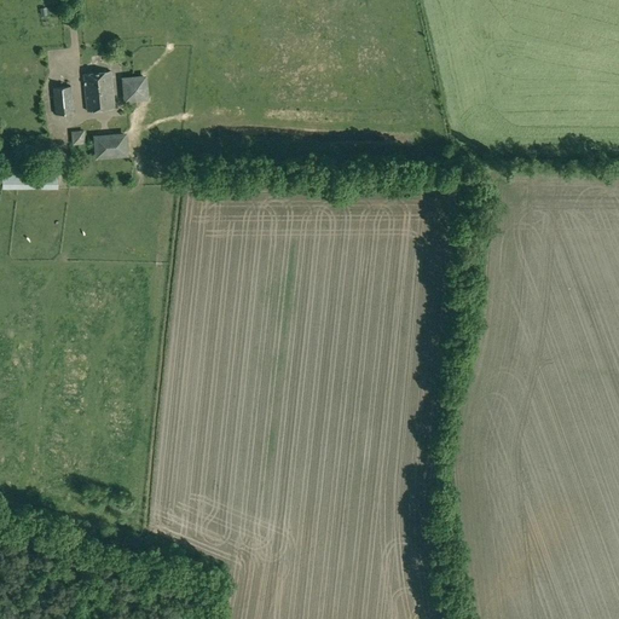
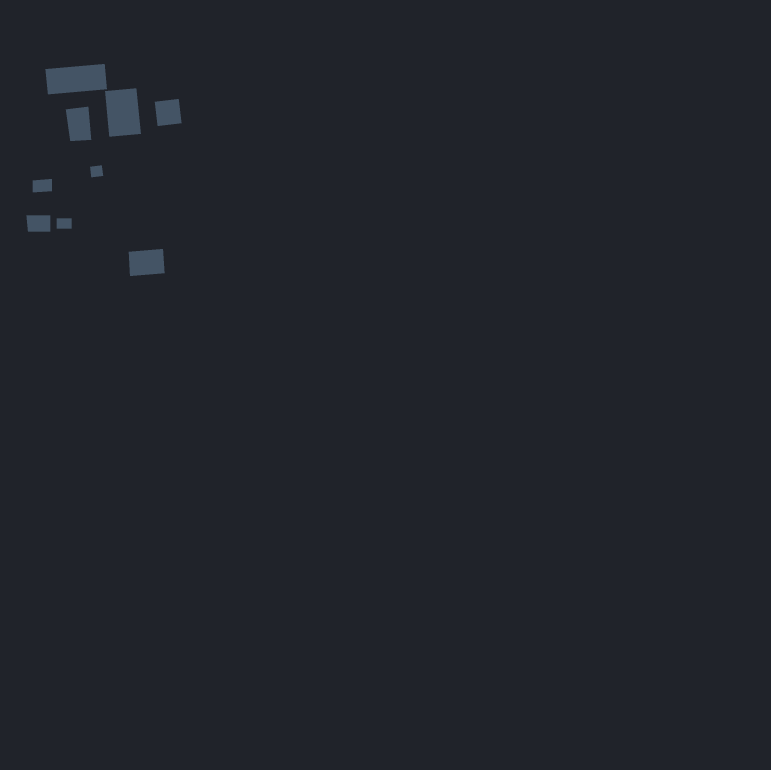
building: none -> [45,63,108,95]
building: [96,135,126,158] -> [128,248,165,277]

